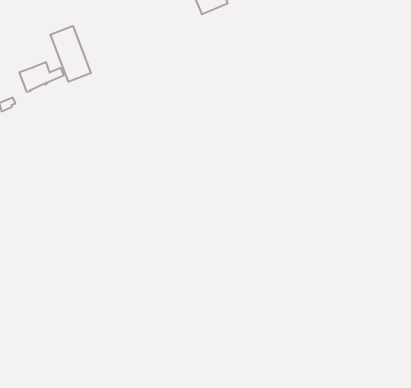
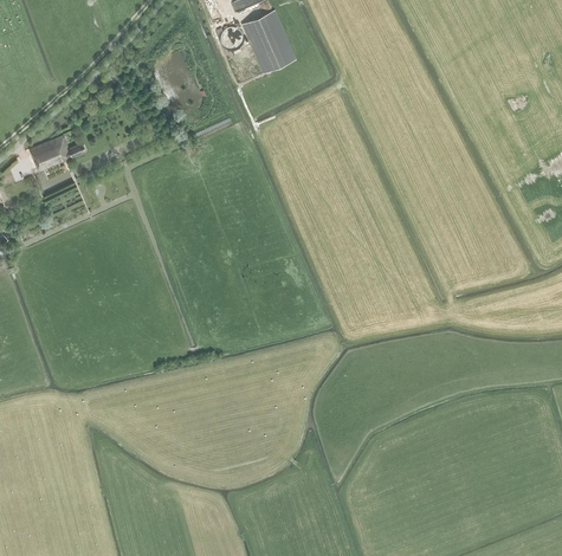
building: [50,26,91,82] -> none

